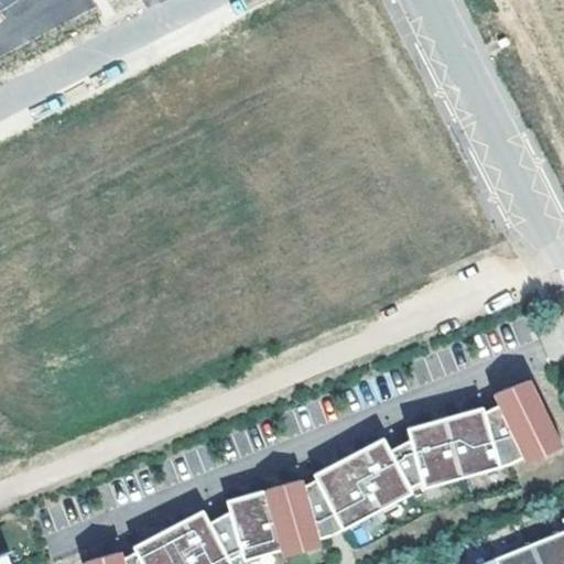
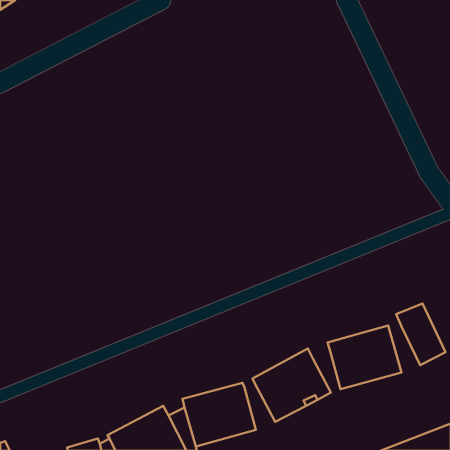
building: [487,409,525,466] -> none
building: [392,440,429,498] -> none
building: [306,478,345,538] -> none

